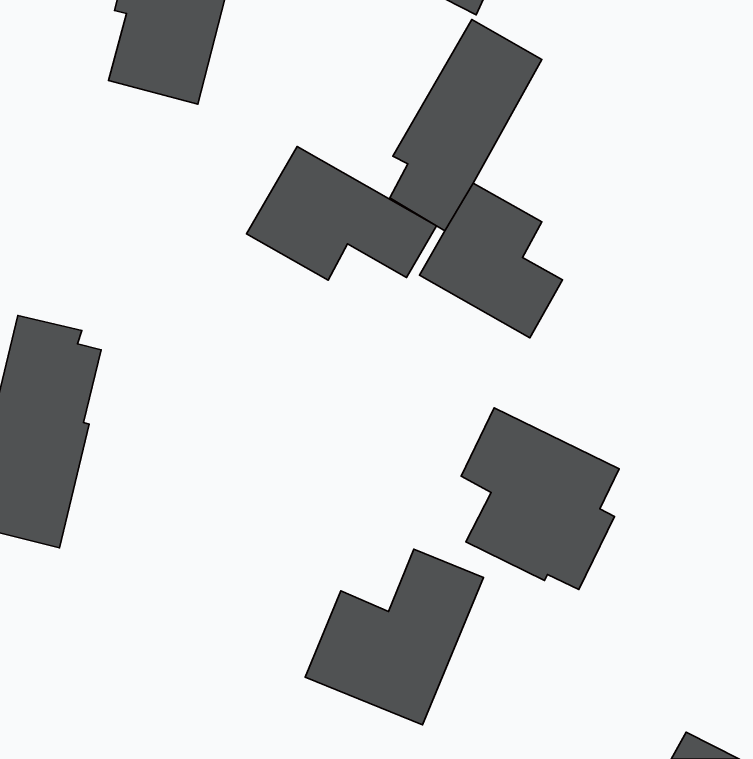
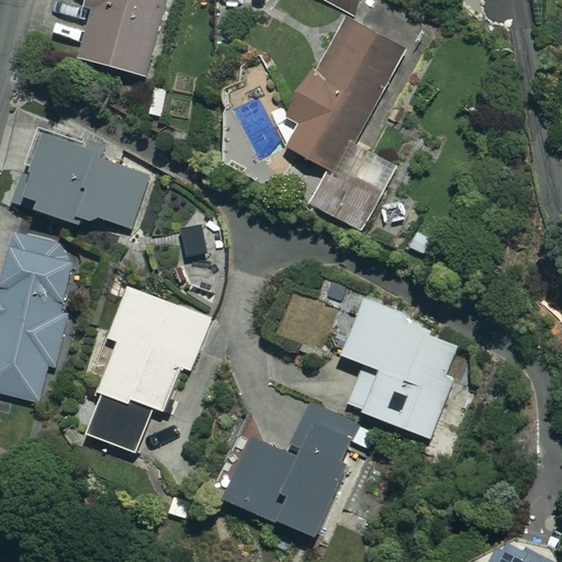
building: [247,147,437,280] -> none
building: none -> [24,136,153,231]
building: none -> [86,288,207,452]

